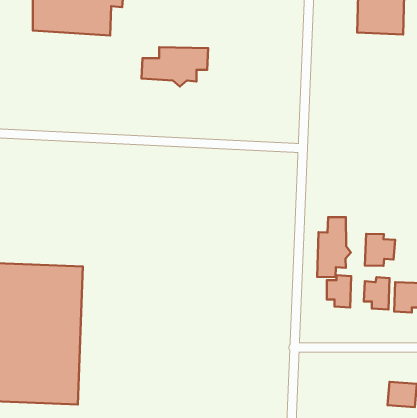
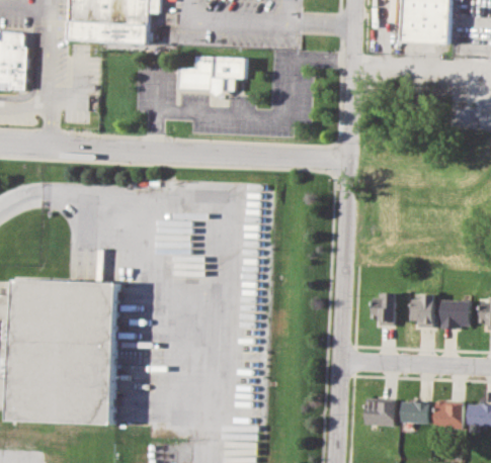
building: [317,217,351,277] -> none
building: [365,234,395,266] -> none
building: none -> [362,400,394,426]
building: none -> [399,401,428,424]

